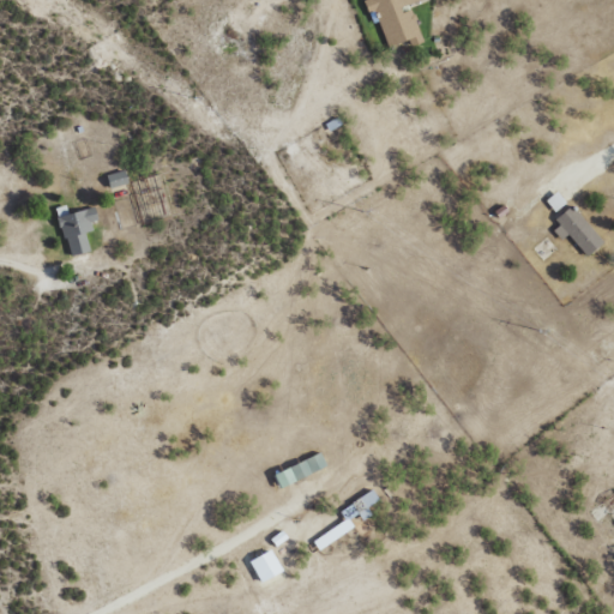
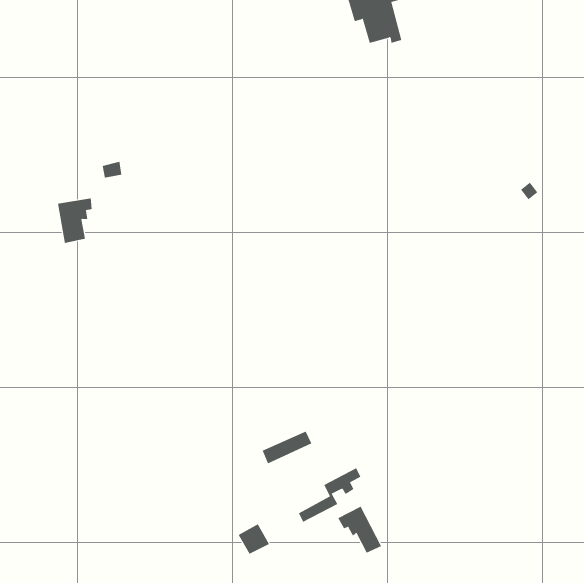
building: [550,206,604,255] -> none
building: none -> [337,506,382,553]

